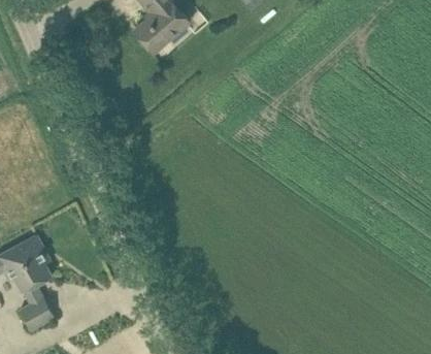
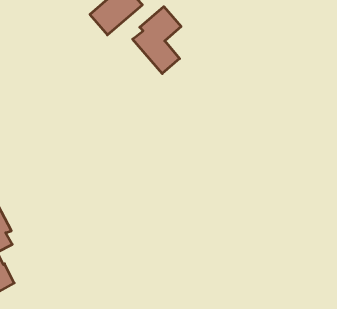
building: none -> [133,7,181,74]

